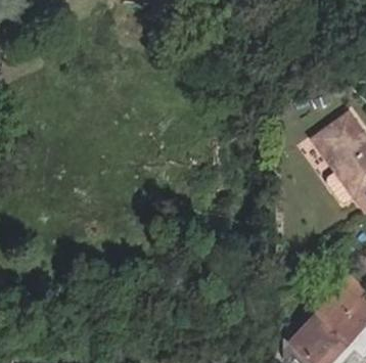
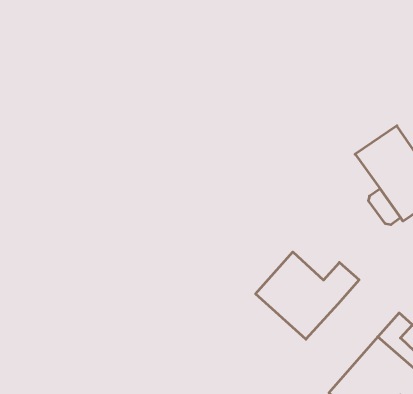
building: none -> [256,252,359,339]

